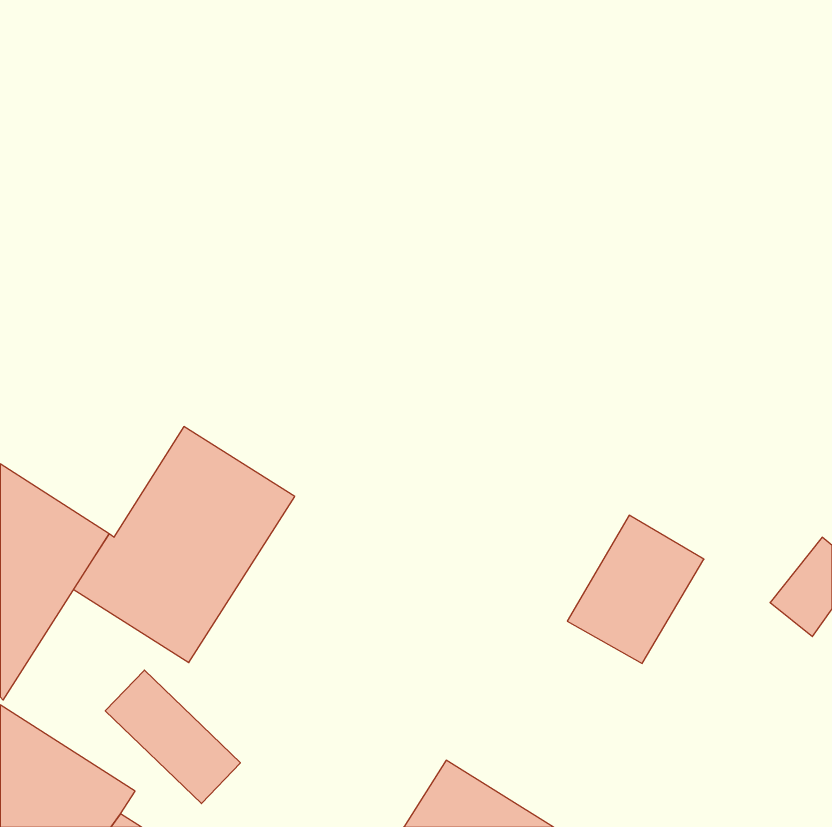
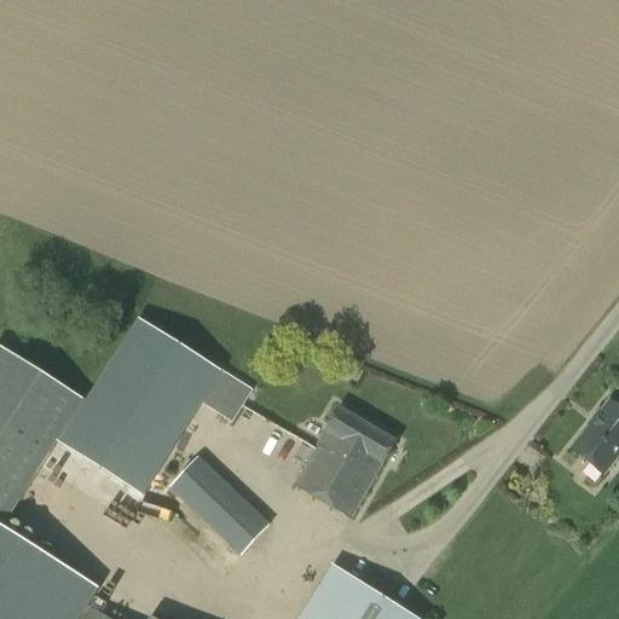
building: none -> [201,370,250,409]
building: [567,515,704,663] -> [294,406,395,516]
building: [105,670,240,804] -> [169,455,270,554]

